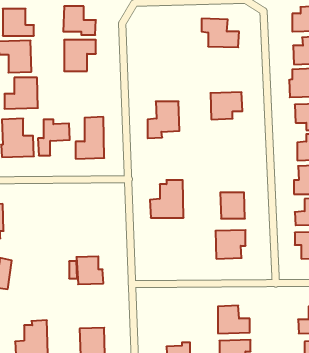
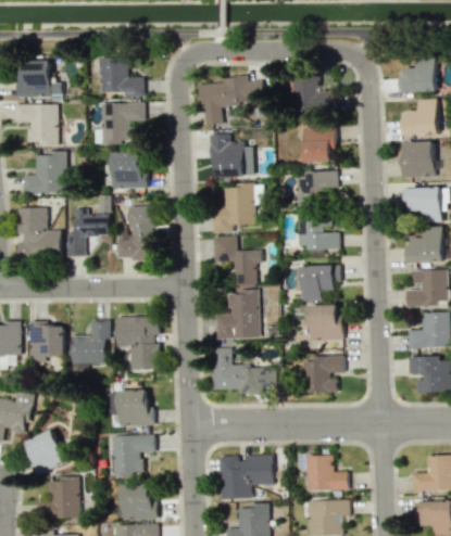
building: none -> [199,75,264,125]
building: none -> [303,127,335,159]
building: none -> [209,133,253,176]
building: none -> [104,152,145,187]
building: none -> [298,215,339,256]
building: none -> [212,235,261,284]
building: none -> [301,265,338,301]
building: none -> [115,315,159,369]
building: none -> [71,319,110,362]
building: none -> [29,320,64,361]
building: none -> [212,347,275,391]
building: none -> [25,430,65,472]
building: none -> [112,434,153,475]
building: none -> [220,455,273,498]

